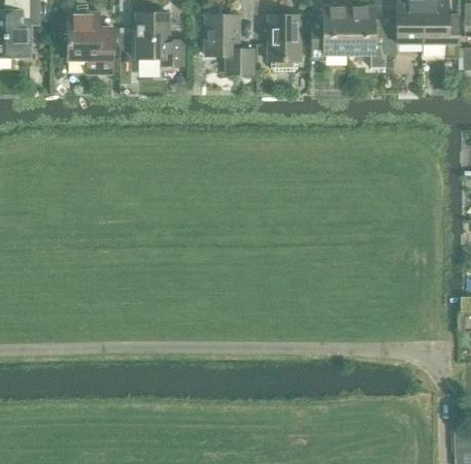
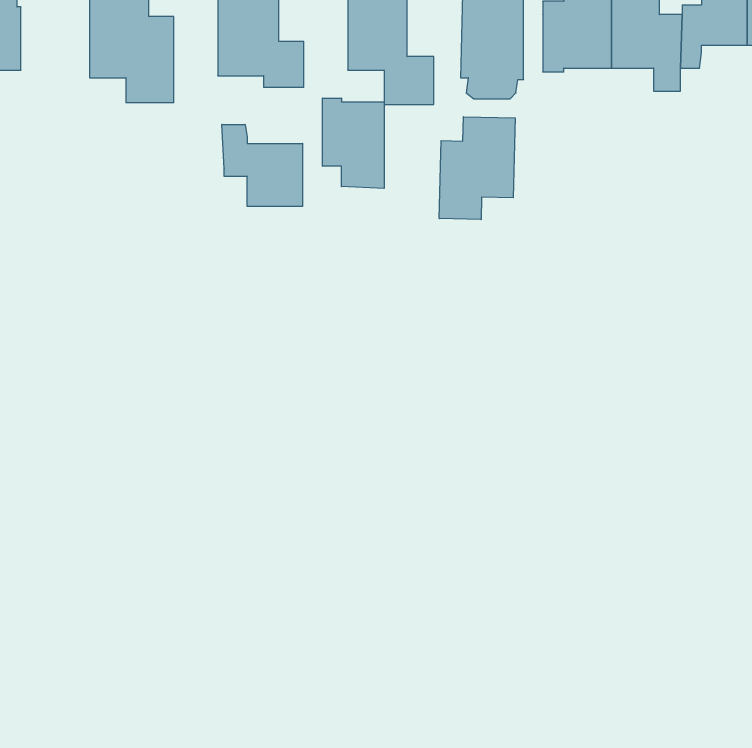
building: none -> [323,98,384,188]
building: none -> [439,117,515,220]
building: none -> [222,124,303,206]

